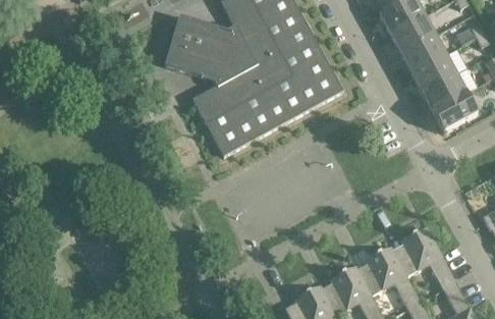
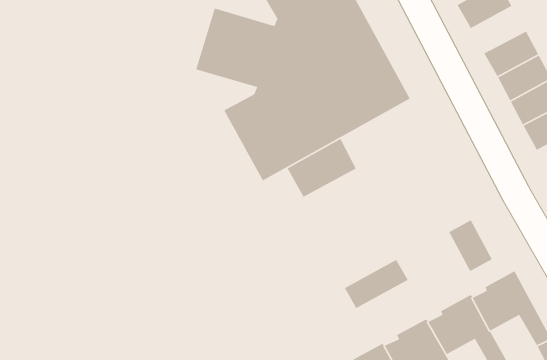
building: [390,14,435,52] -> none
building: none -> [287,138,357,198]
building: none -> [448,219,493,272]
building: none -> [344,259,409,309]

